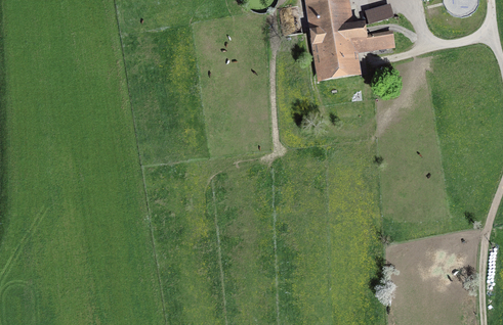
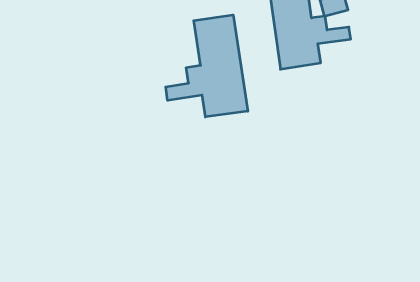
building: none -> [166,15,248,117]

